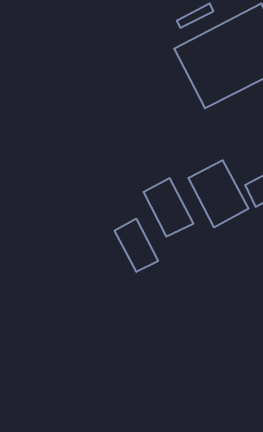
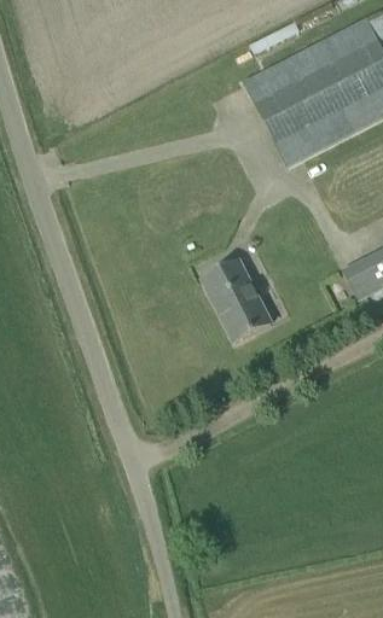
building: [188,160,248,227] -> none
building: [115,219,158,272] -> none

